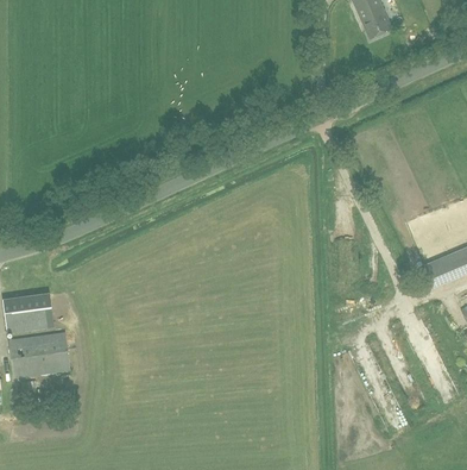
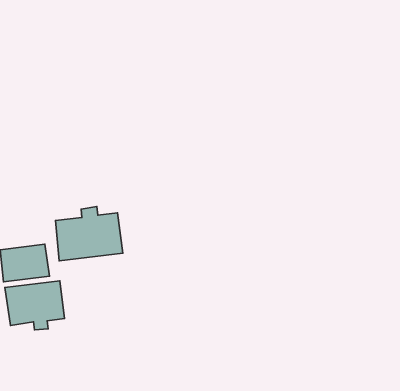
building: none -> [55,206,123,261]

